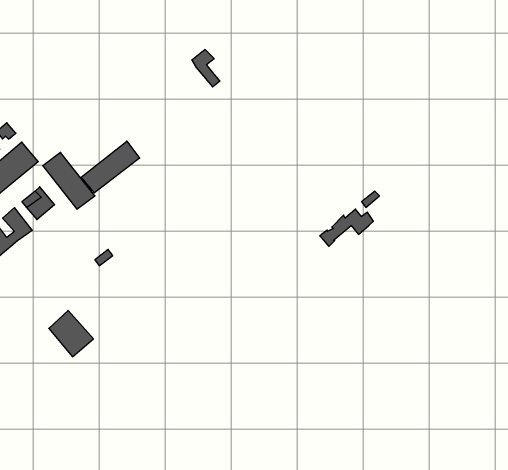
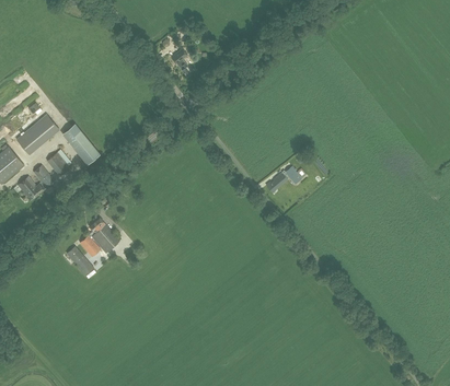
building: [81,141,140,193] -> none
building: none -> [90,218,119,253]

